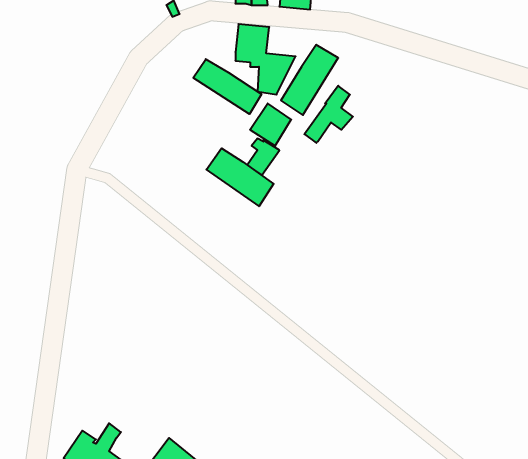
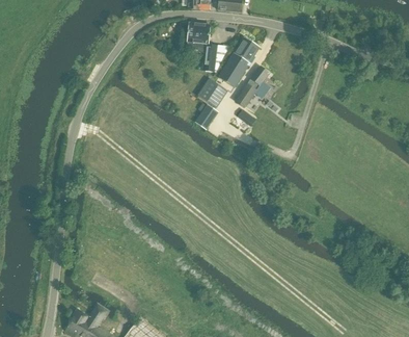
building: [193,59,261,114] -> none
building: [206,148,274,206] -> none

